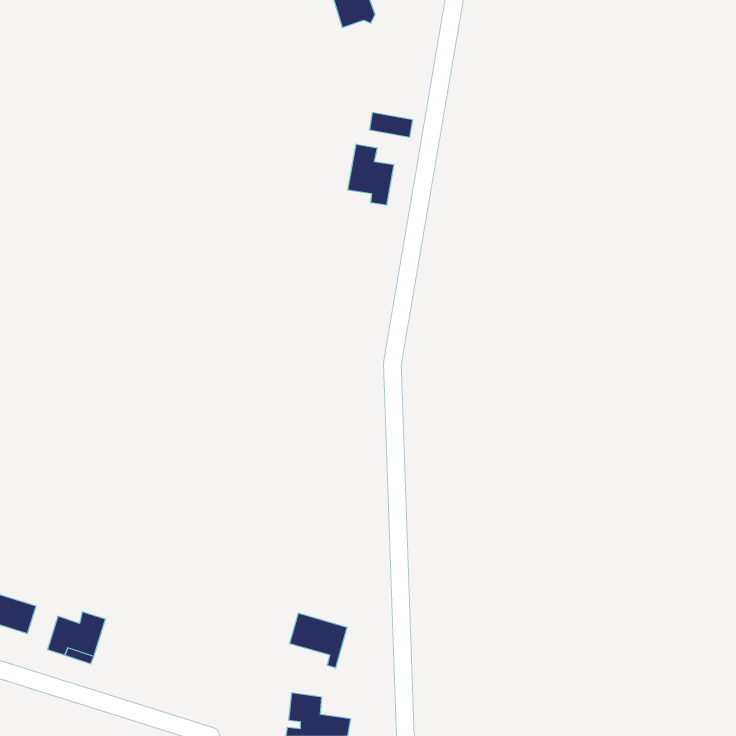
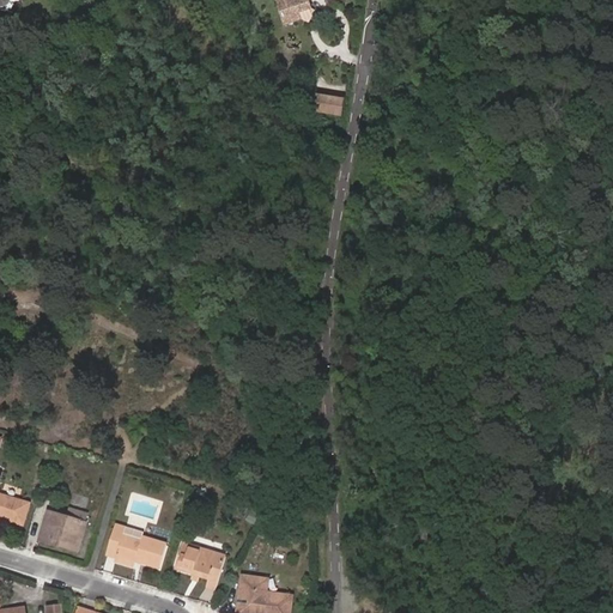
building: [348,144,394,205] -> none
building: [290,613,347,668] -> [176,544,224,589]
building: none -> [104,523,165,568]

